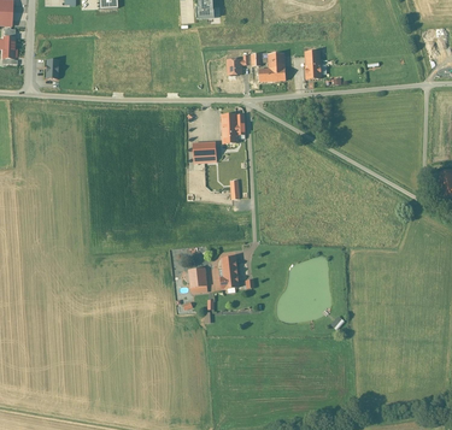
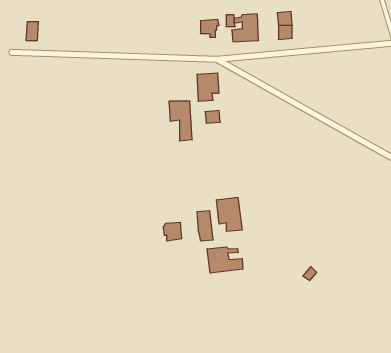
building: none -> [216,197,242,231]
building: none -> [207,247,243,273]

